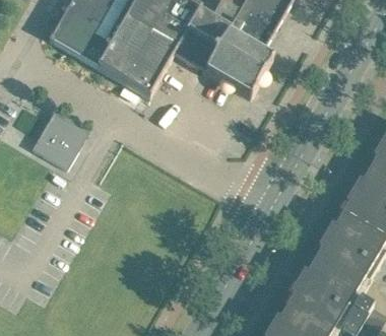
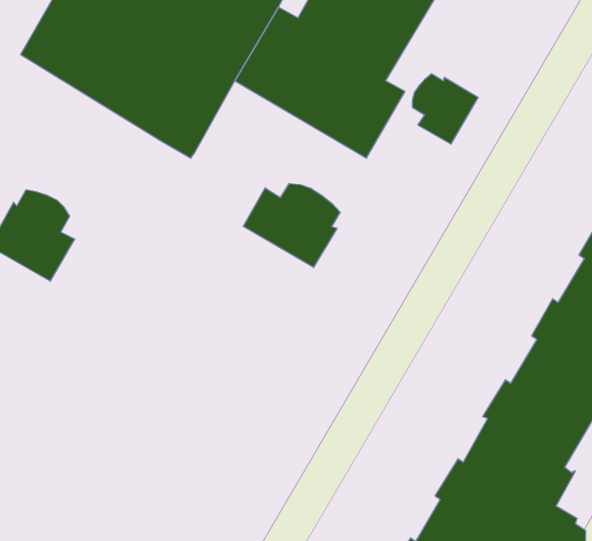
building: none -> [412,74,478,144]
building: none -> [243,183,340,268]

